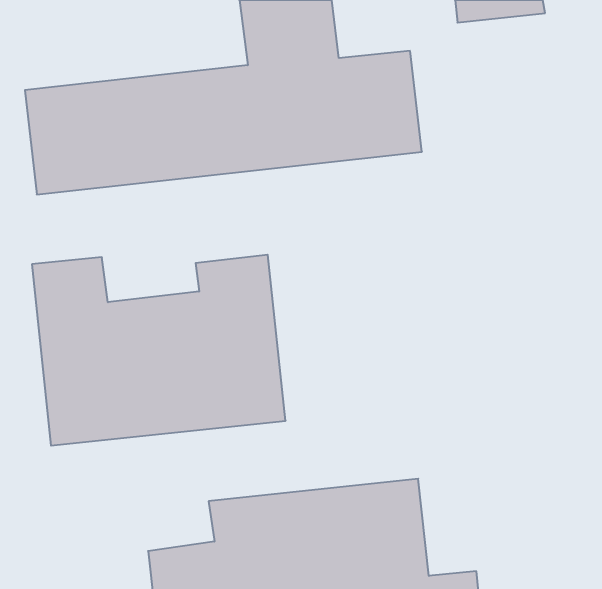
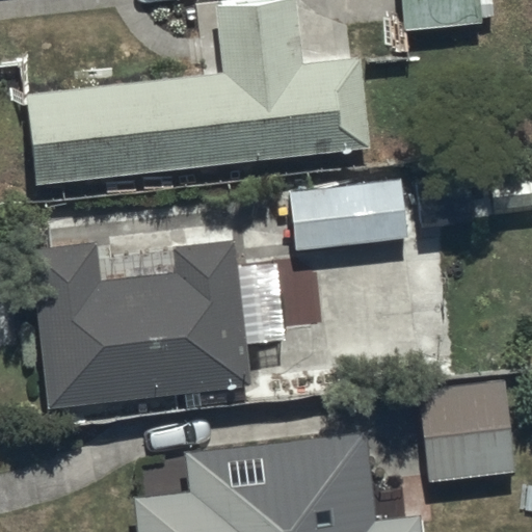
building: none -> [285,182,405,249]
building: none -> [419,377,517,484]

